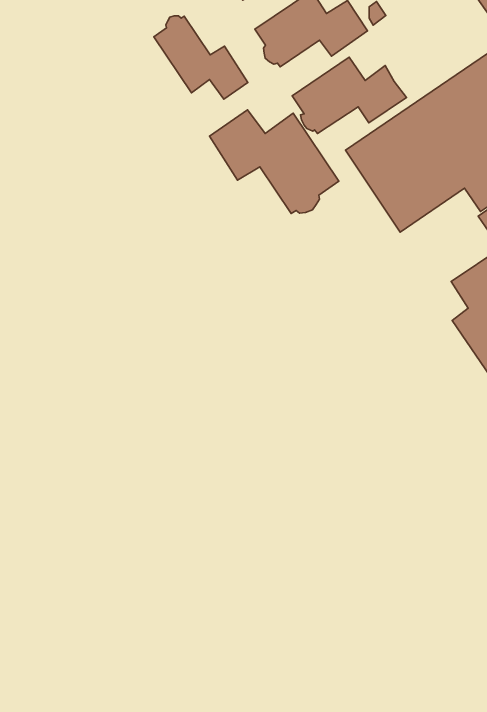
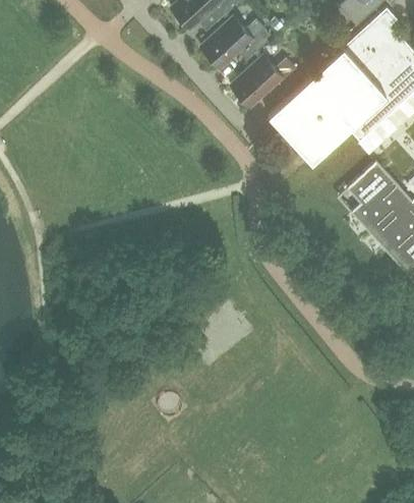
building: [154,16,248,99] -> none
building: [209,110,339,214] -> none

